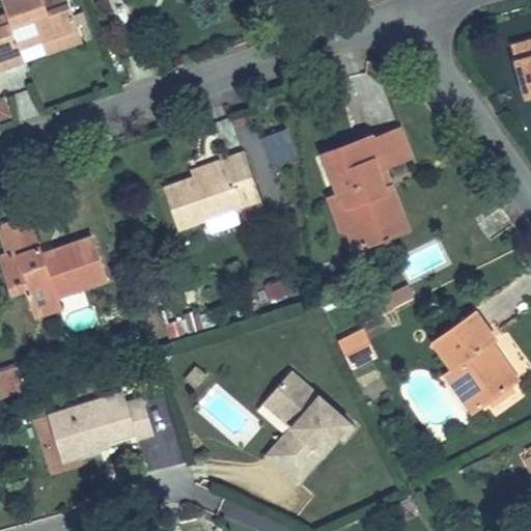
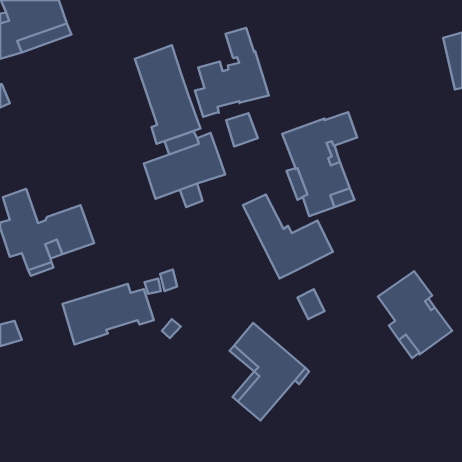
building: none -> [195,28,269,117]
building: none -> [135,45,200,144]
building: none -> [243,194,333,279]
building: [49,392,153,462] -> [63,284,154,344]

